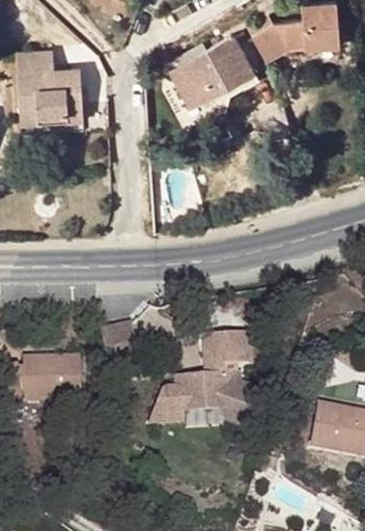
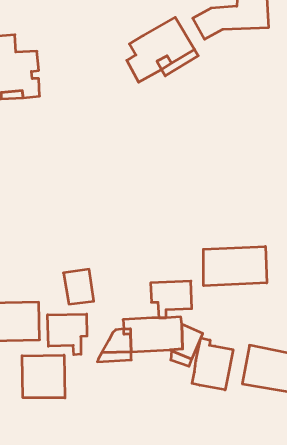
building: none -> [203,246,267,286]
building: none -> [48,314,87,355]
building: none -> [192,338,233,390]
building: none -> [22,355,65,398]

